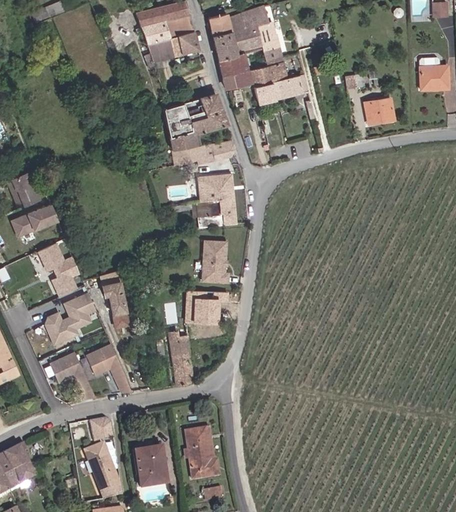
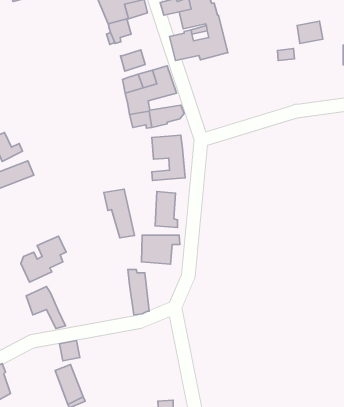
building: [211,30,235,59] -> none
building: [168,31,197,56] -> [120,50,145,71]
building: [254,73,307,103] -> none
building: [365,100,395,126] -> [297,21,323,43]
building: [38,242,80,296] -> none
building: [96,272,132,329] -> [104,189,134,238]
building: [79,343,132,393] -> none
building: [183,427,217,478] -> none
building: [133,444,167,485] -> none

